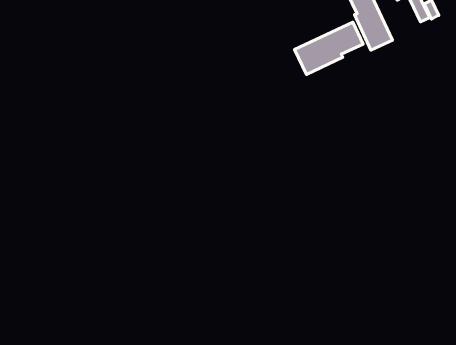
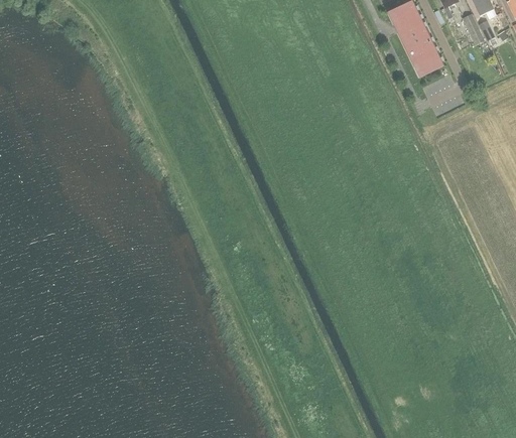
building: [295,22,363,74] -> none

